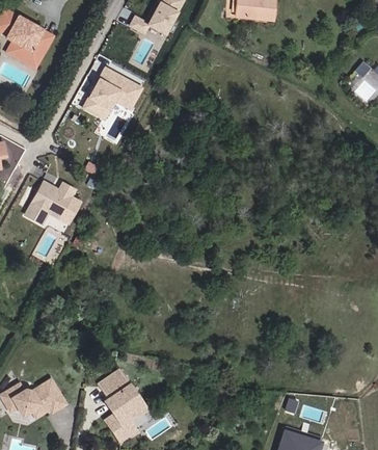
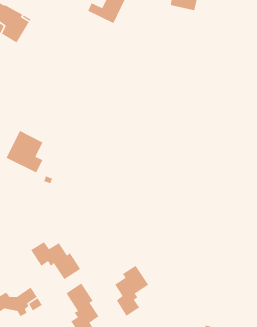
building: [80,64,142,118] -> none
building: none -> [30,241,81,280]
building: none -> [114,265,149,317]

